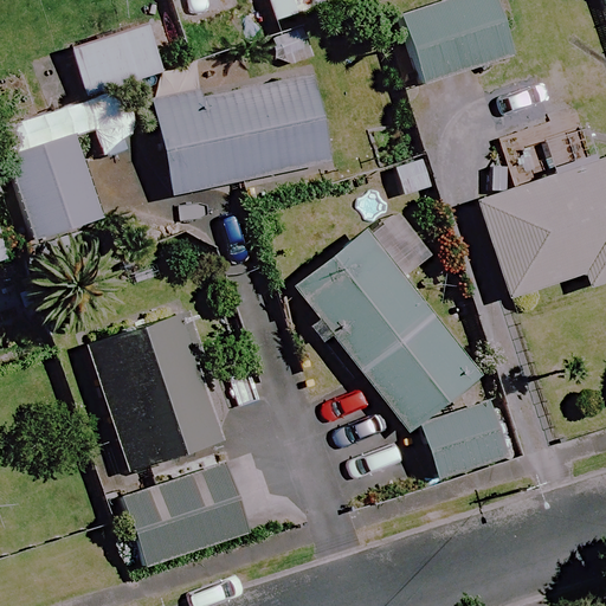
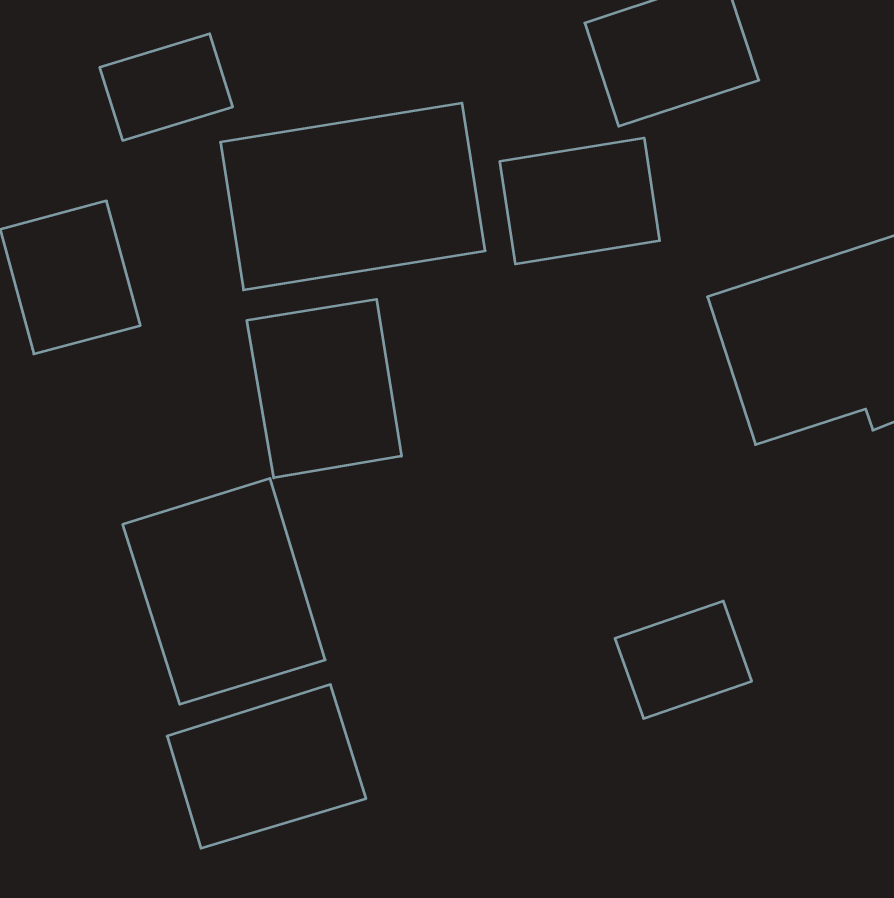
building: none -> [500,138,660,264]
building: none -> [247,299,401,478]
building: [298,232,481,428] -> none

